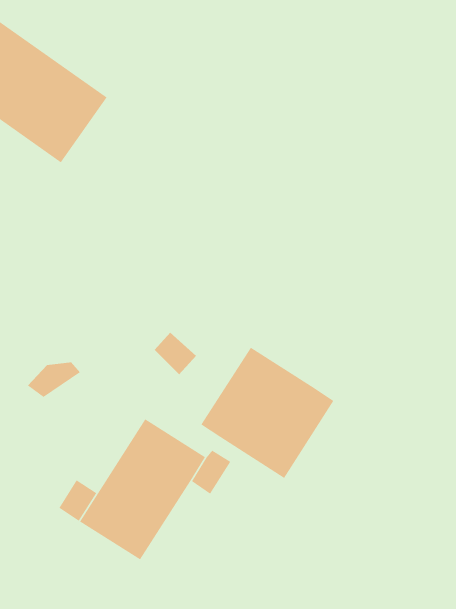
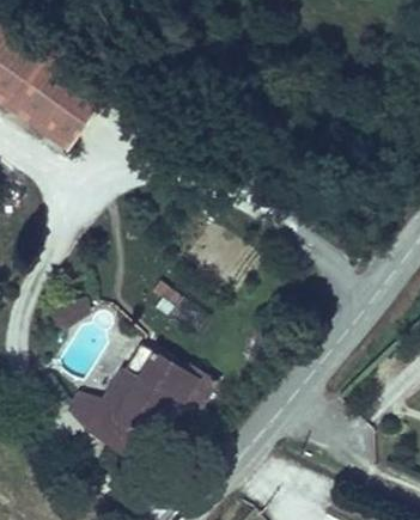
building: [201,347,334,479] -> none

